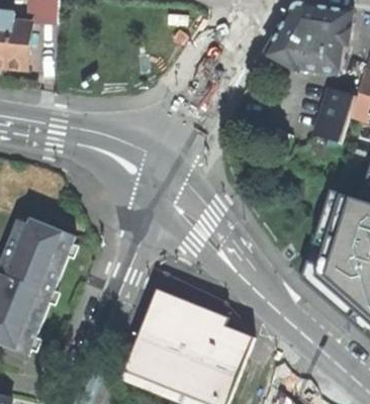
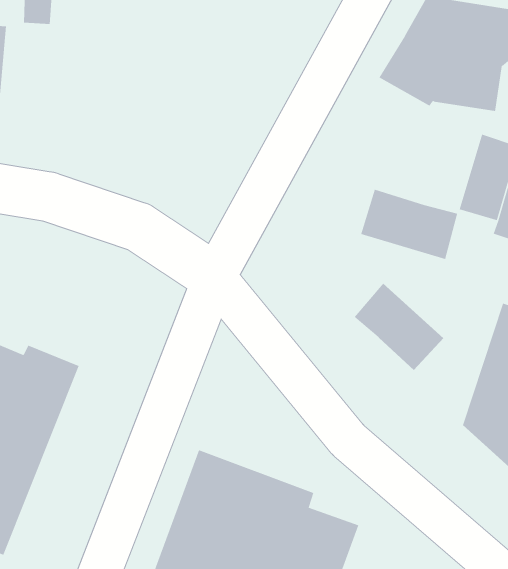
building: none -> [361,189,458,260]
building: none -> [354,283,444,371]

